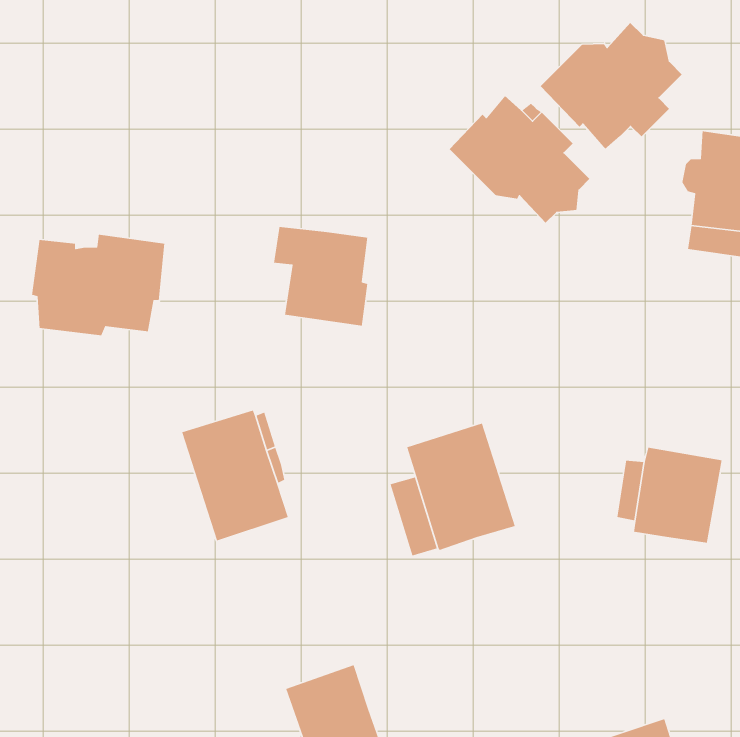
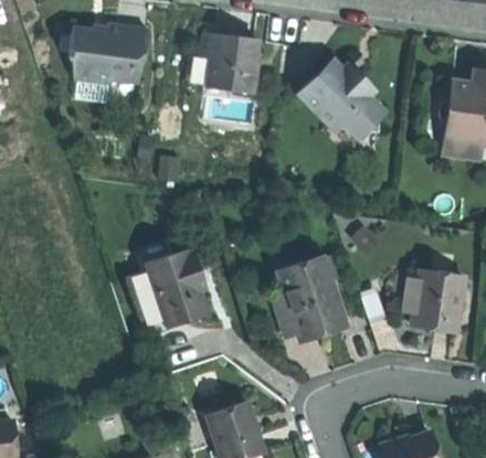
building: [540,22,683,150] -> none
building: [273,226,368,326] -> [201,35,257,95]
building: [31,234,165,336] -> [68,24,148,85]

